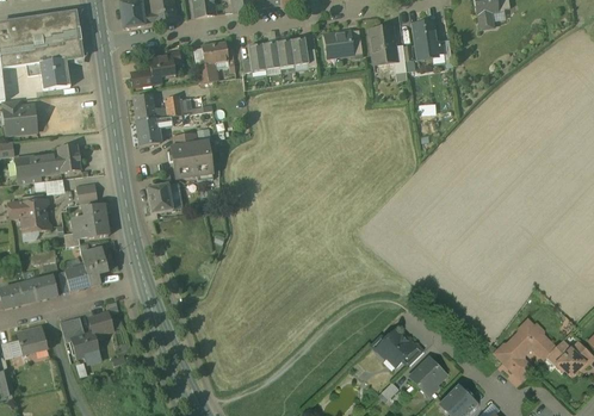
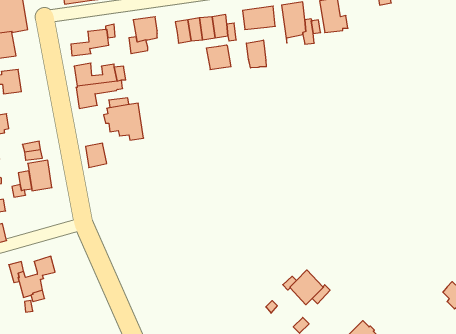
building: none -> [246,40,266,68]
building: none -> [207,45,231,70]
building: [57,143,81,172] -> none
building: [64,247,109,290] -> none
building: [495,318,556,379] -> none
building: [410,356,447,392] -> none

